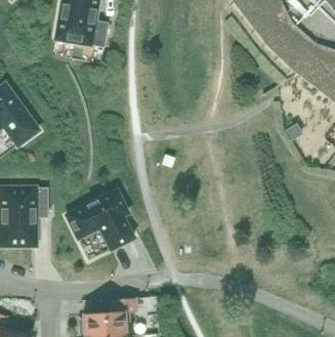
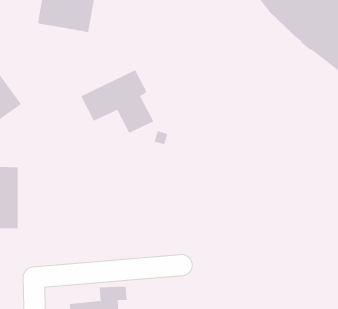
building: [66,188,134,248] -> [80,70,154,134]

